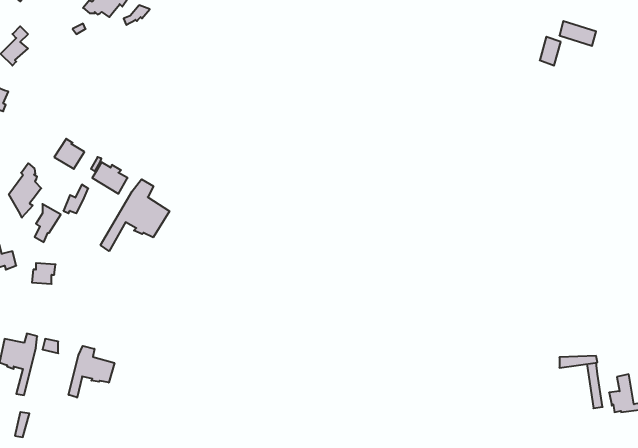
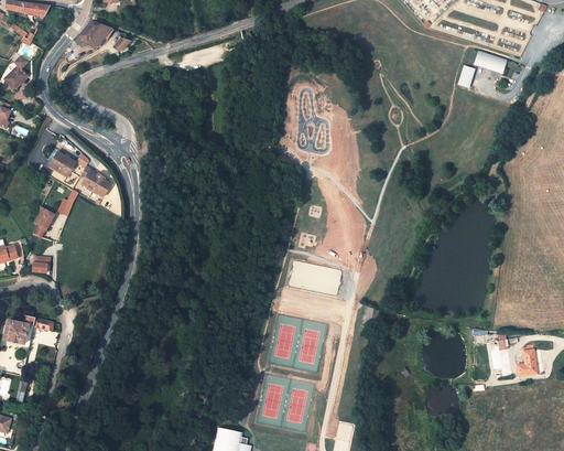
building: [9,163,41,218] -> none
building: [101,179,169,251] -> none
building: [69,346,114,398] -> none

